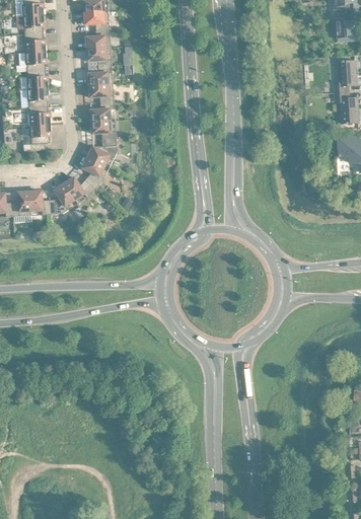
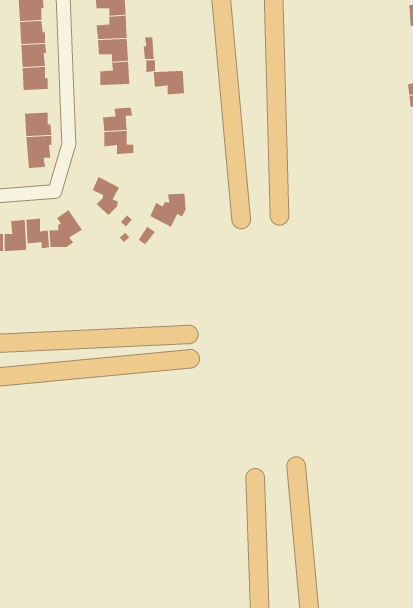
building: [88,83,114,102] -> [153,70,185,95]
building: [27,87,49,106] -> none
building: [87,138,117,165] -> [149,193,186,228]
building: [64,176,95,199] -> none

